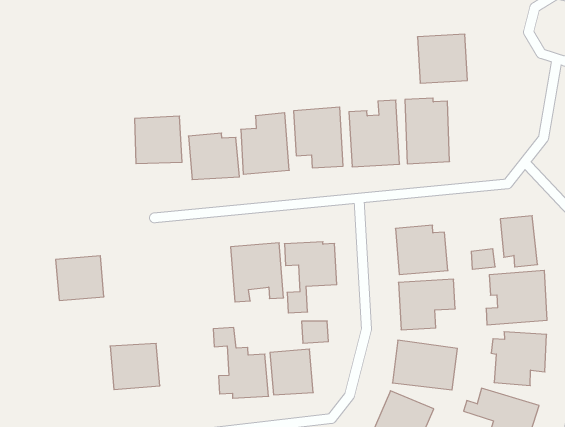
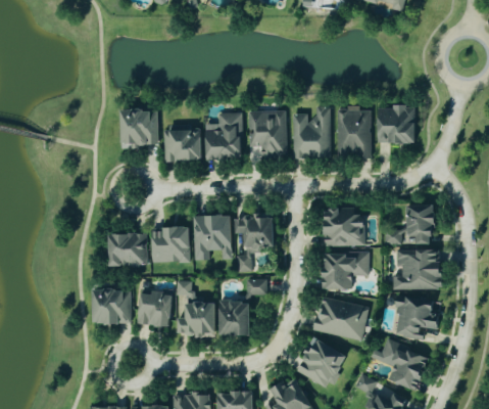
building: [417,34,467,83] -> [378,105,415,142]
building: [56,256,104,300] -> [109,232,146,266]
building: none -> [151,227,190,262]
building: none -> [139,292,170,325]

